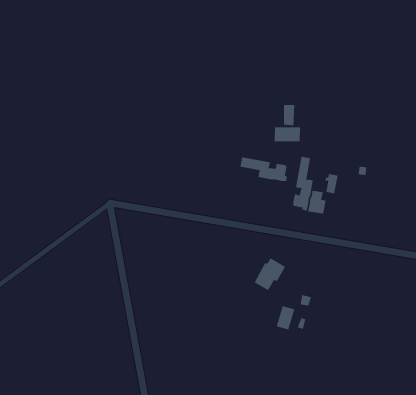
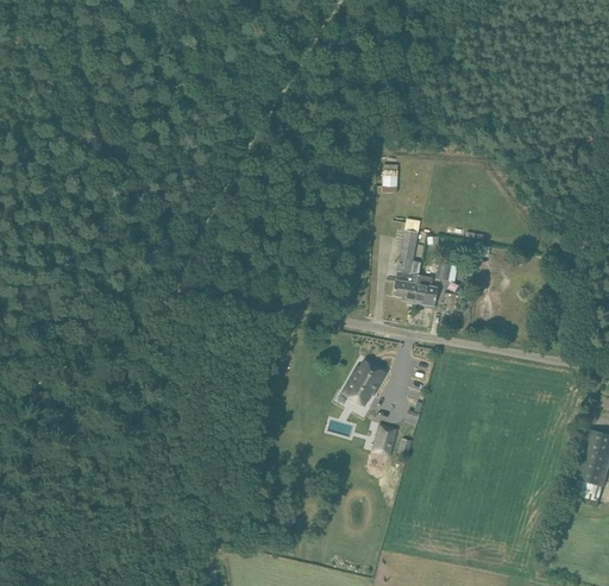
building: [274,126,301,142] -> none
building: [240,157,287,182] -> none

